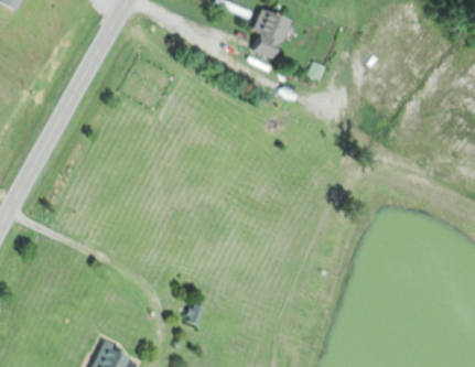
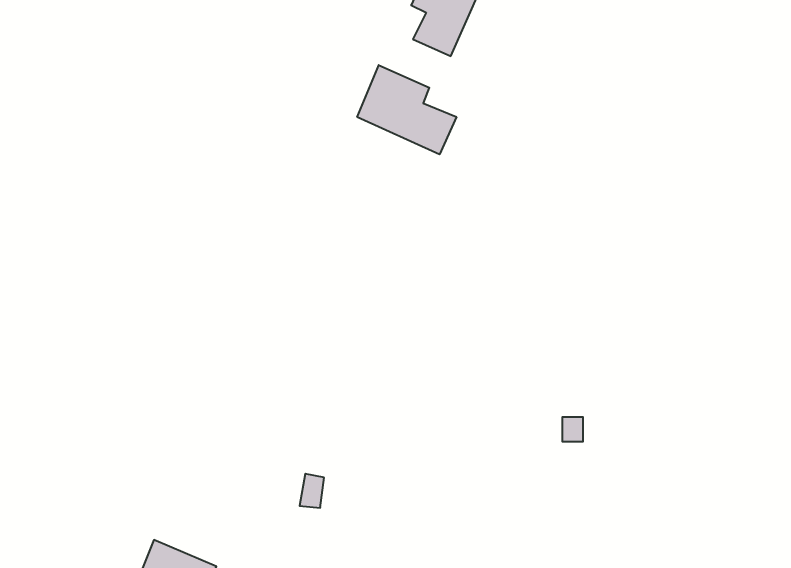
building: none -> [357,65,456,154]

